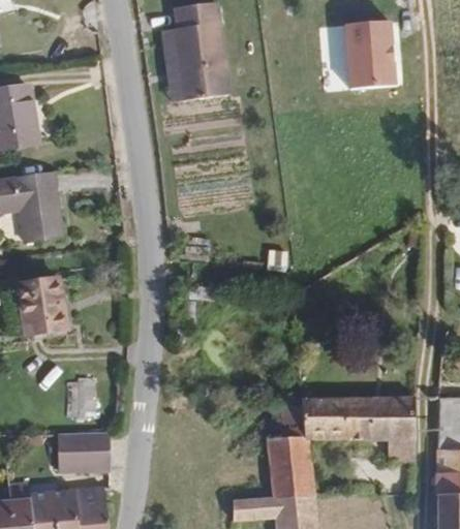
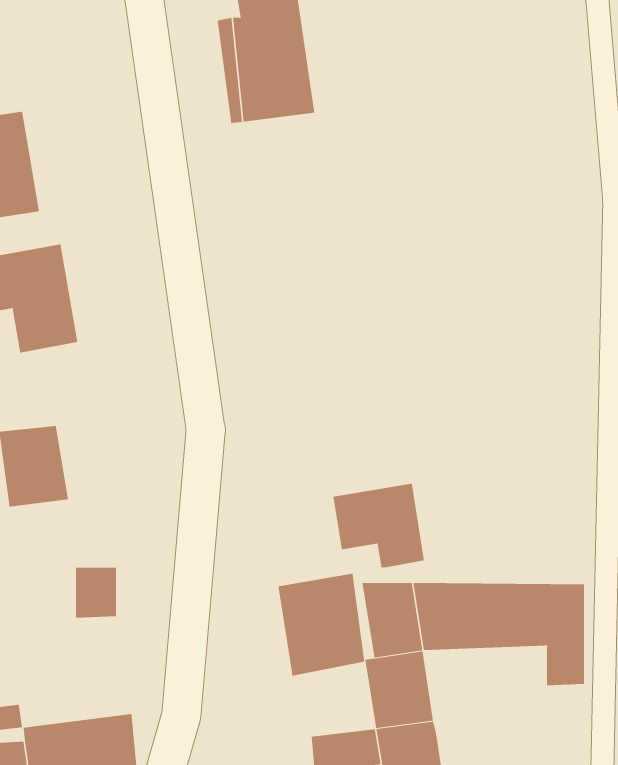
building: [340,21,396,93] -> none
building: none -> [333,483,424,568]
building: none -> [278,573,365,676]
building: [47,437,114,478] -> none

